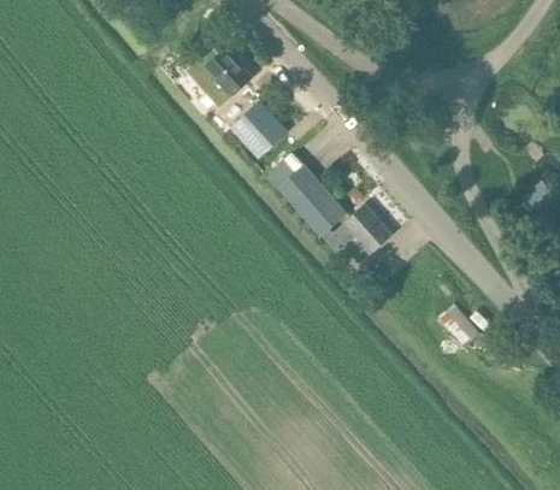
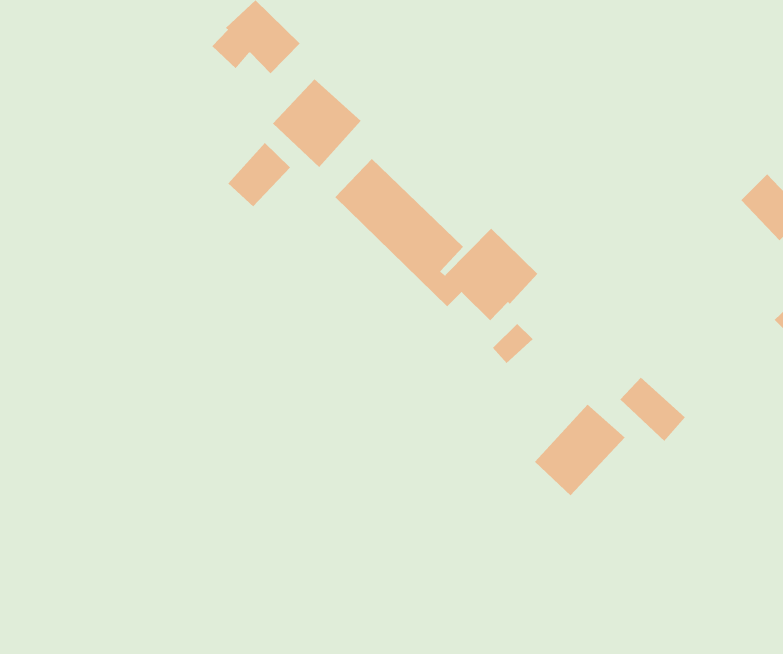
building: none -> [227,142,291,207]
building: none -> [534,404,626,496]

